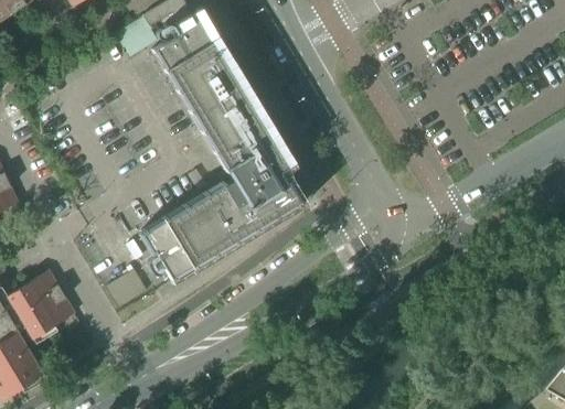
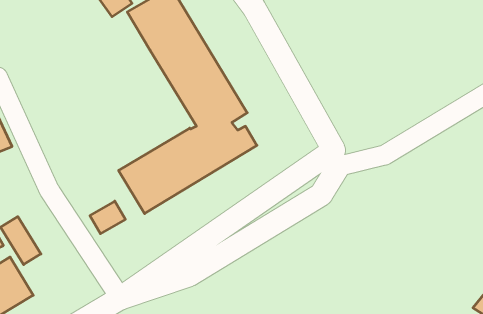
building: [26,270,76,327] -> none

